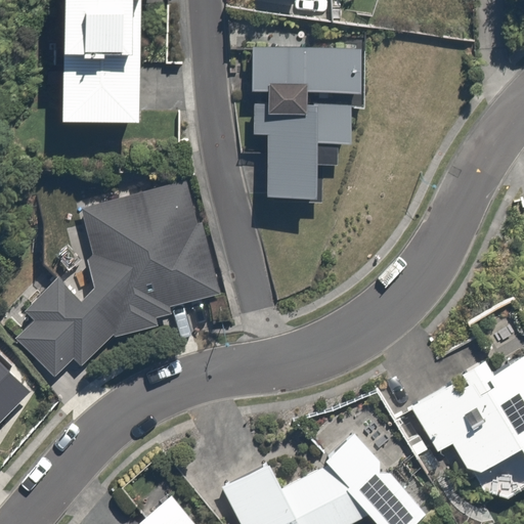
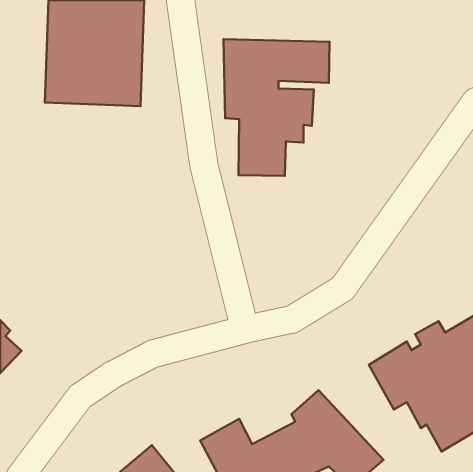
building: [15,181,220,378] -> none

